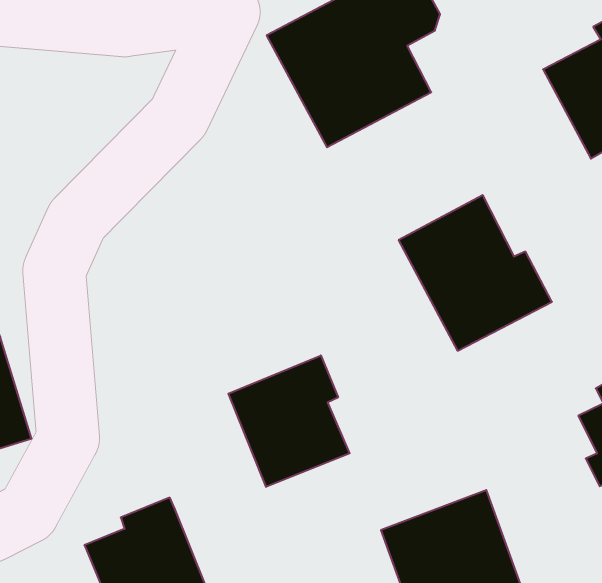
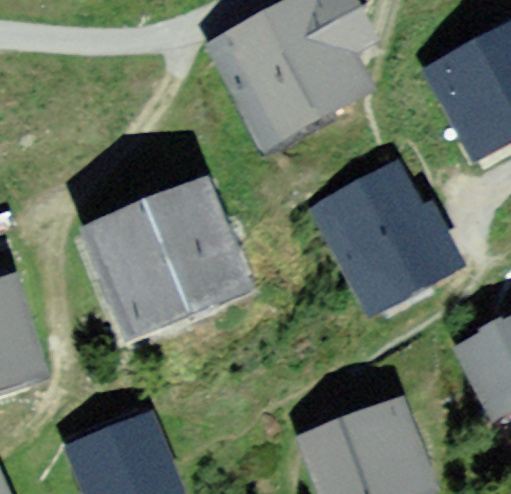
building: none -> [83,189,235,325]
building: [228,355,350,487] -> none

